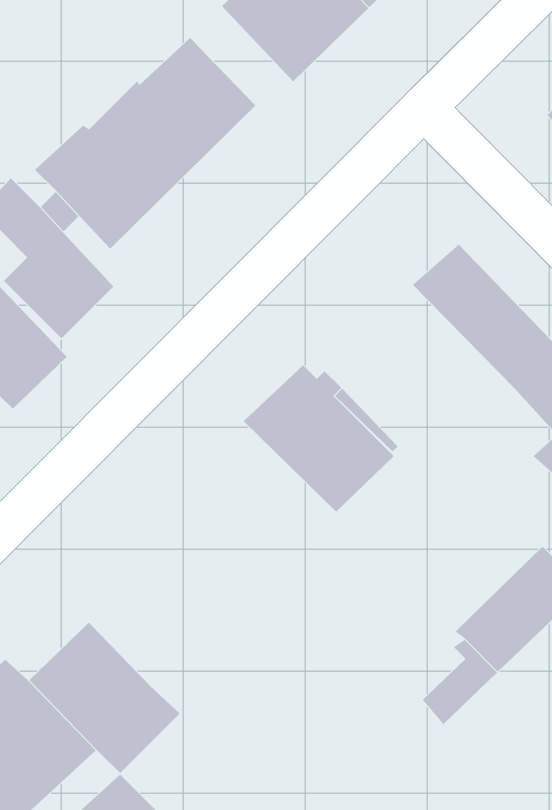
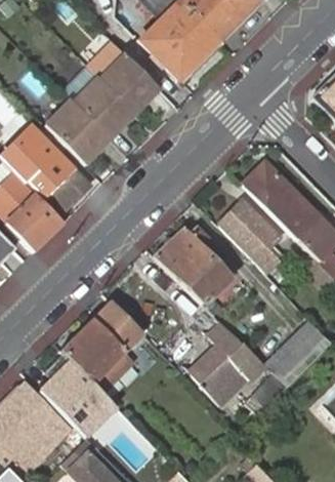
building: none -> [217,201,277,273]
building: none -> [59,299,143,395]
building: none -> [191,322,262,404]

